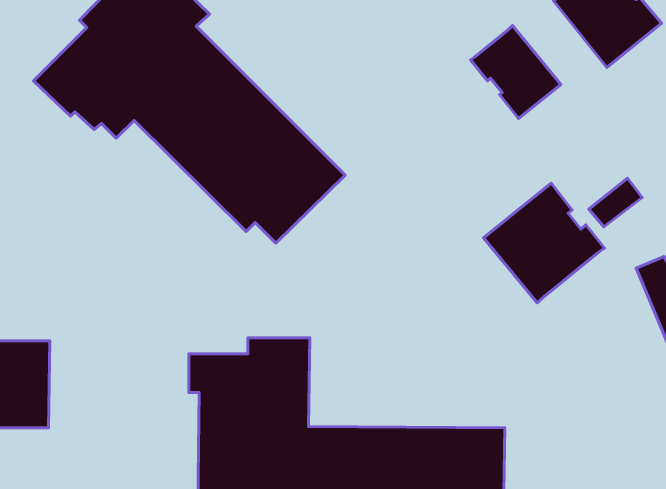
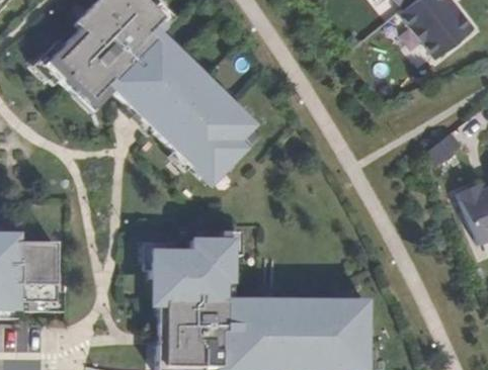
building: [470,26,561,119] -> none
building: [484,183,605,303] -> none

